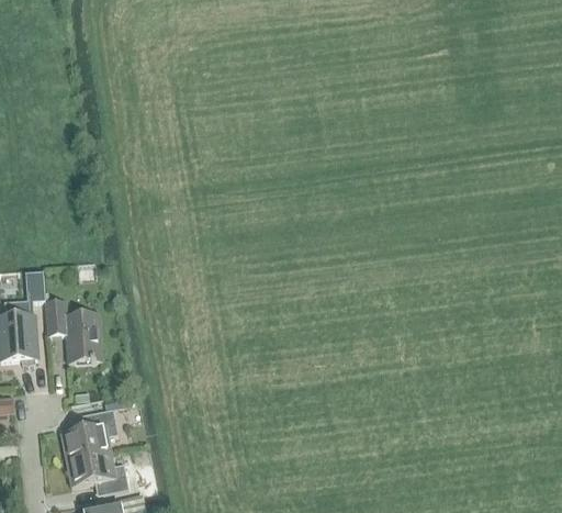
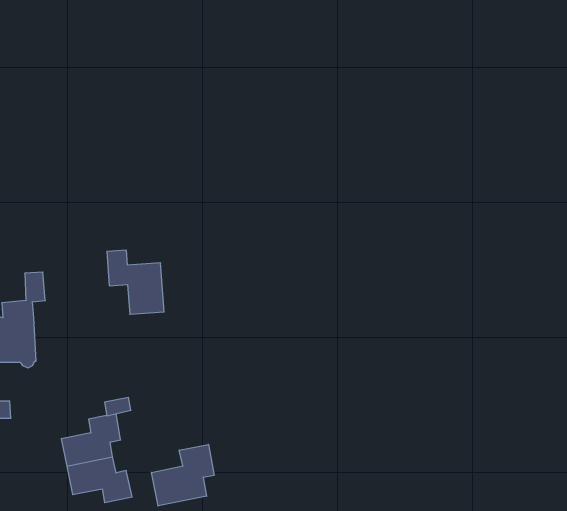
building: [46,300,101,361] -> [107,250,164,314]
building: none -> [151,444,214,506]

